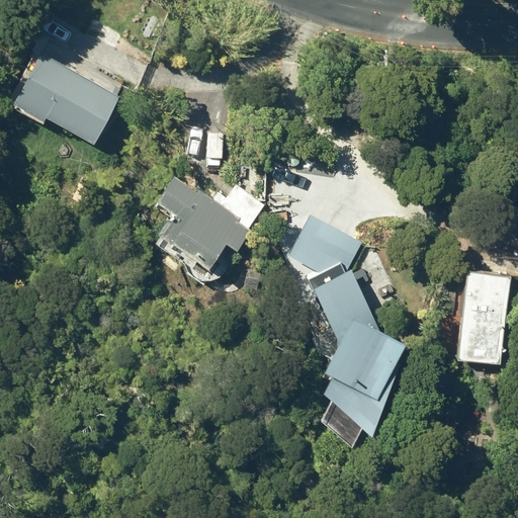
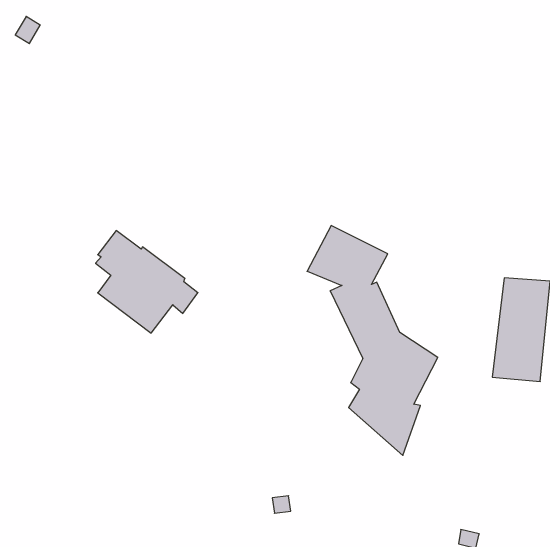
building: [12,56,117,144] -> none
building: [154,176,249,271] -> [96,231,198,333]

